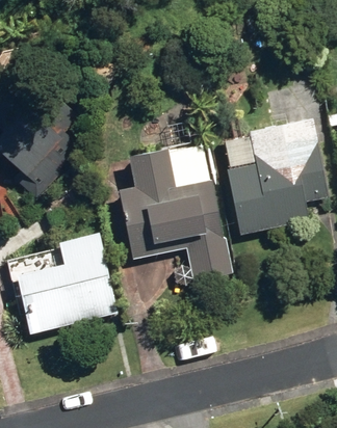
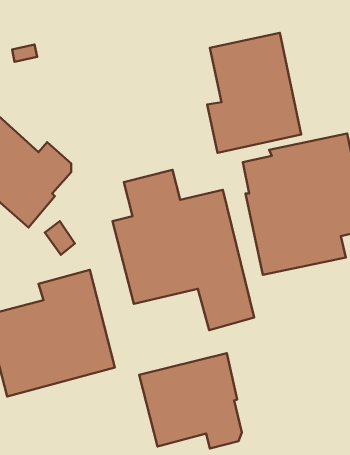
building: none -> [207,33,301,153]
building: none -> [139,353,242,448]

